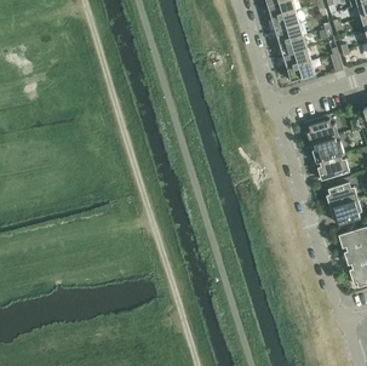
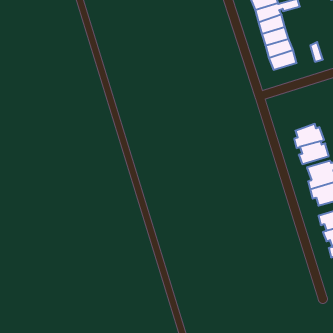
building: [303,115,338,144] -> none

